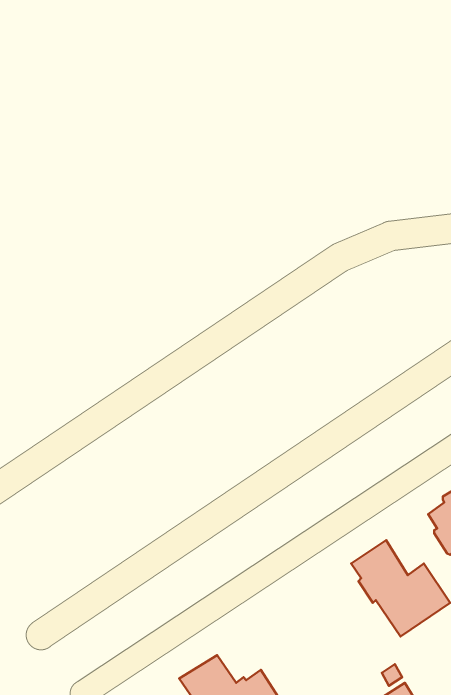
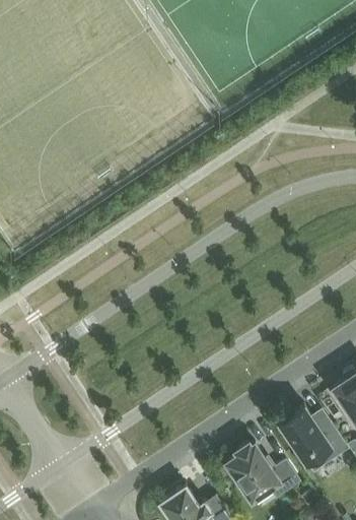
building: none -> [225,445,298,501]

